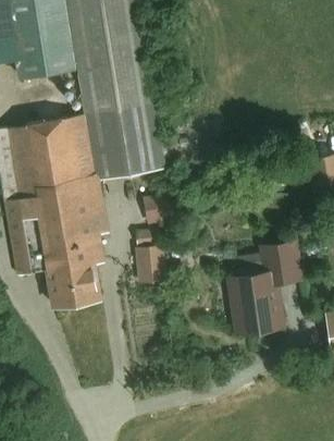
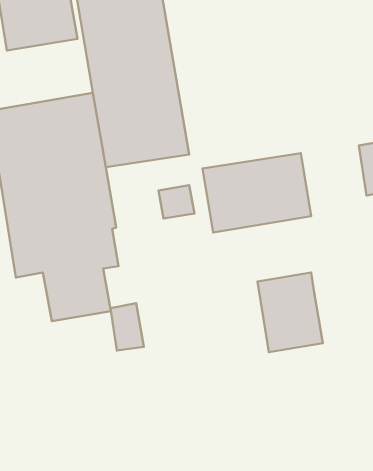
building: none -> [203,153,311,233]
building: [265,240,300,283] -> none
building: [135,243,163,283] -> [110,303,144,351]

